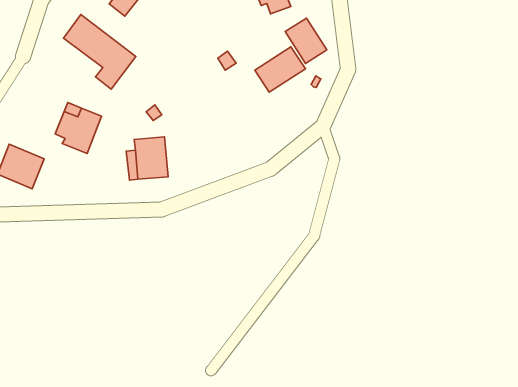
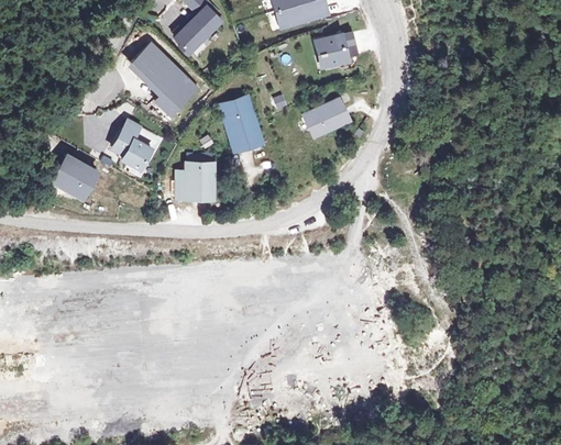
building: [285,18,327,63] -> none
building: none -> [219,94,262,149]

